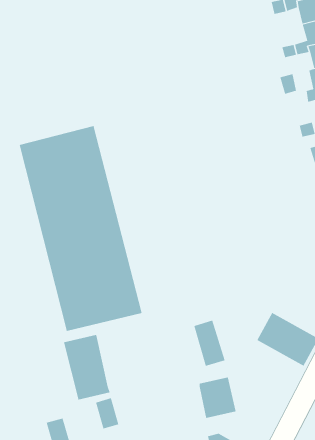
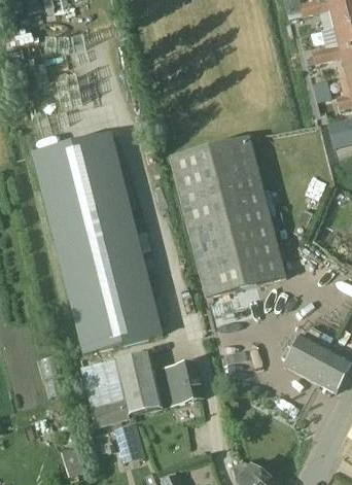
building: none -> [169,136,287,299]
building: none -> [115,351,162,413]
building: [199,377,236,418] -> [164,360,204,405]

